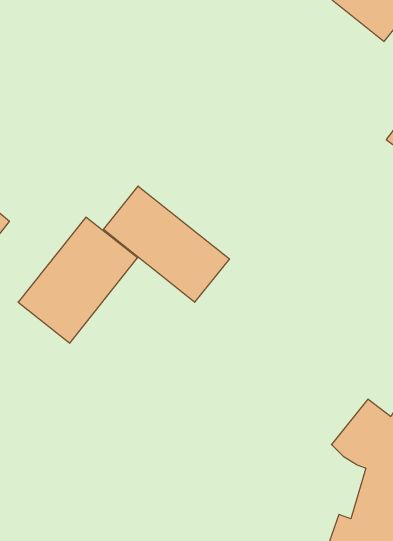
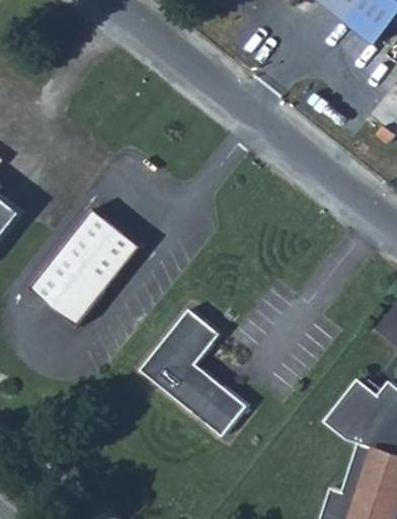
building: [103,186,229,302] -> none
building: none -> [140,308,246,439]

